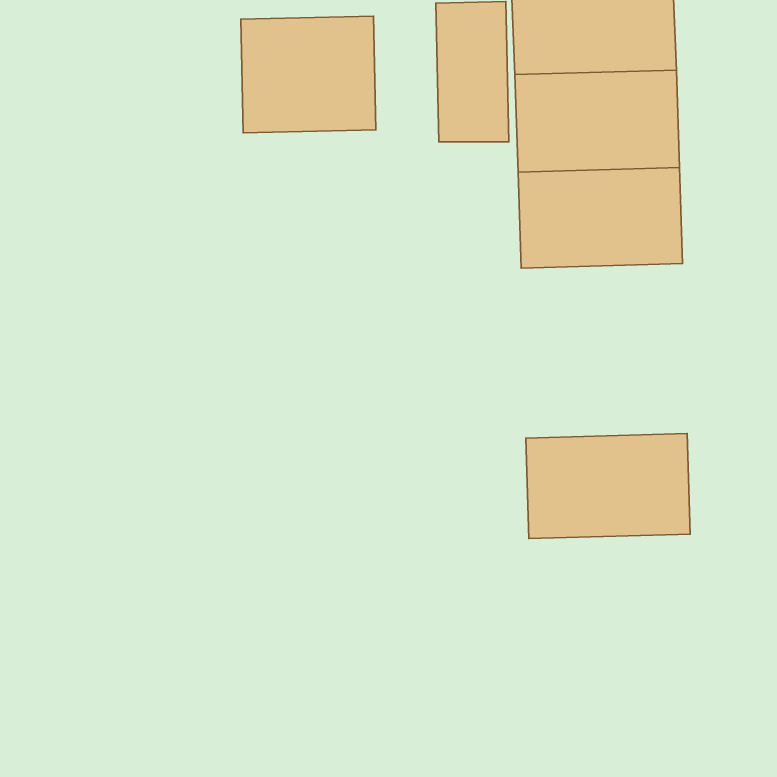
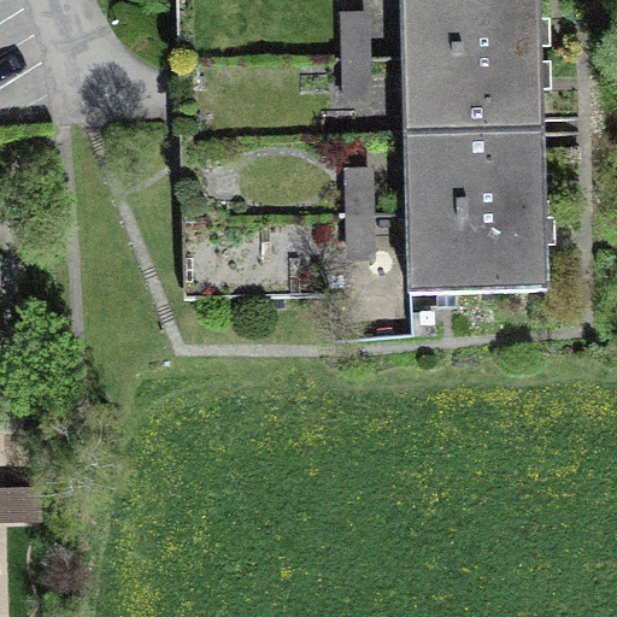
building: [241,16,376,133] -> none
building: [526,433,690,539] -> [413,208,543,292]

